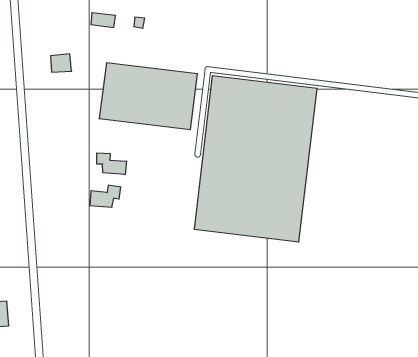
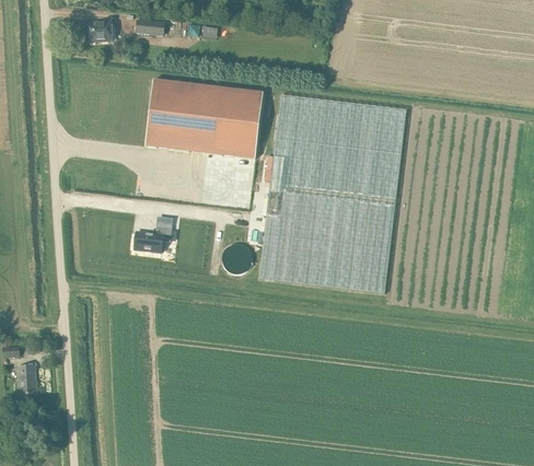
building: [51,54,72,72] -> [86,19,112,40]
building: [97,153,127,175] -> none

